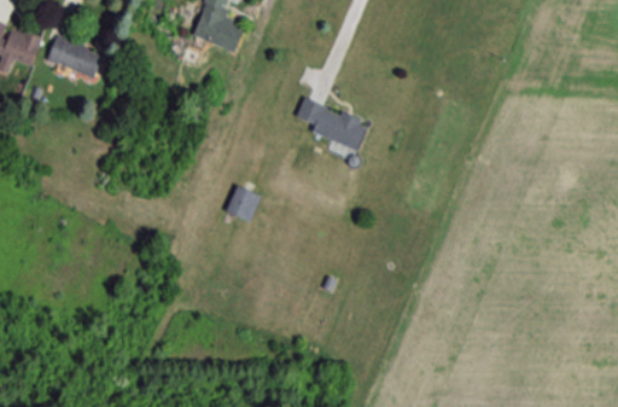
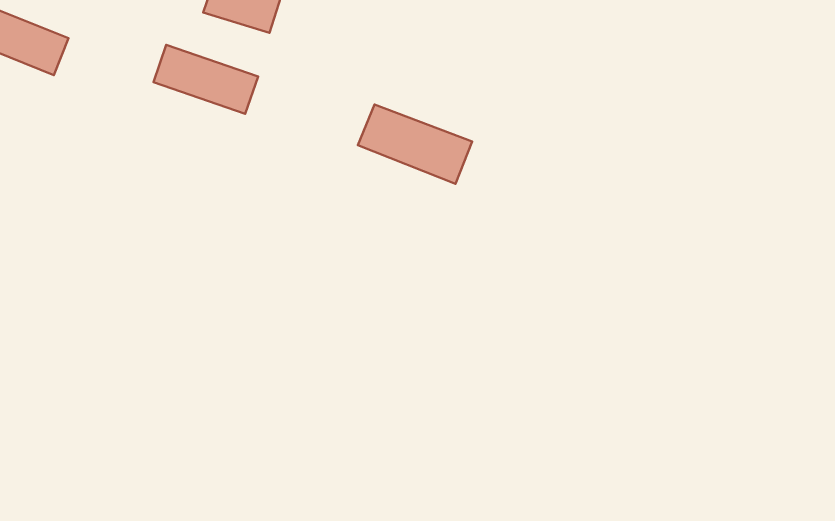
building: none -> [153,45,258,114]
building: [226,185,261,221] -> none

